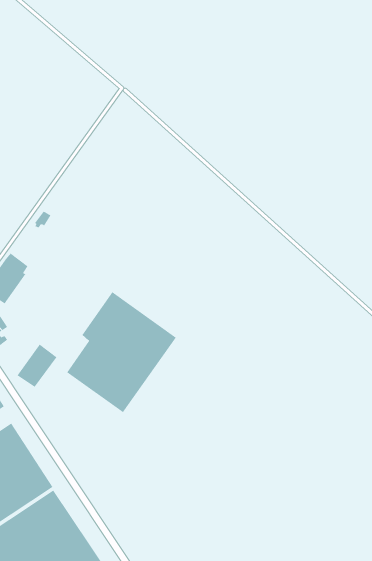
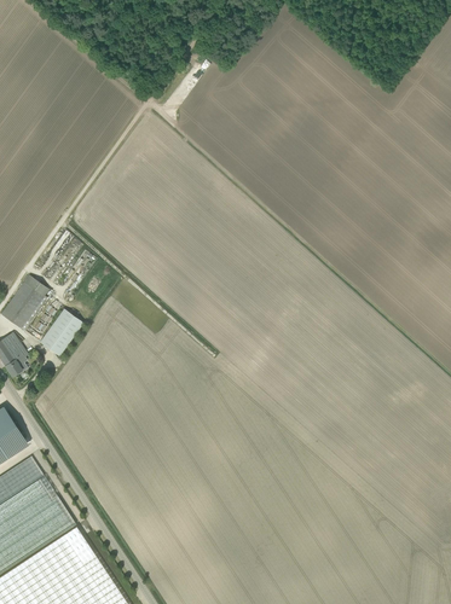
building: [66,291,177,413] -> none
building: [17,344,58,388] -> [39,308,82,355]

